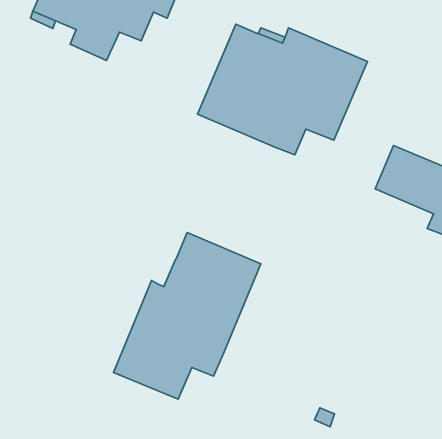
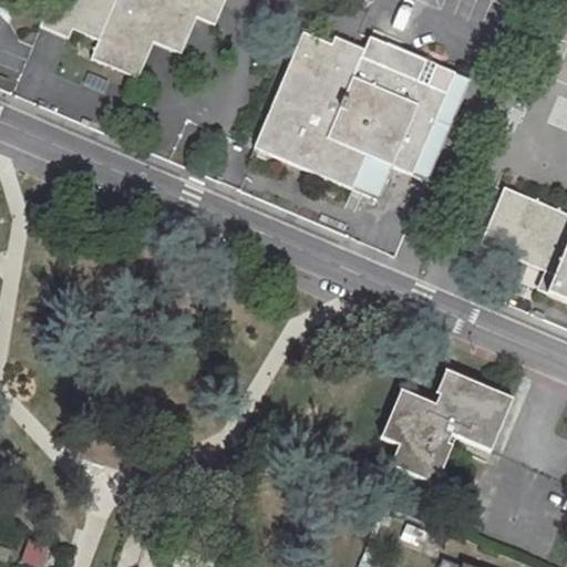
building: [113,233,261,399] -> none
building: none -> [383,370,513,484]

